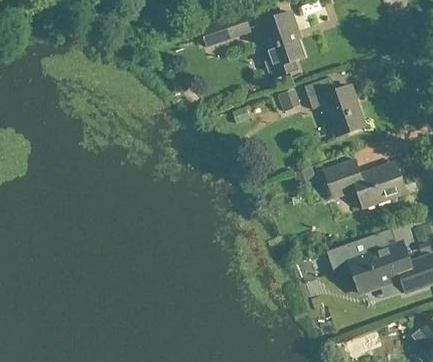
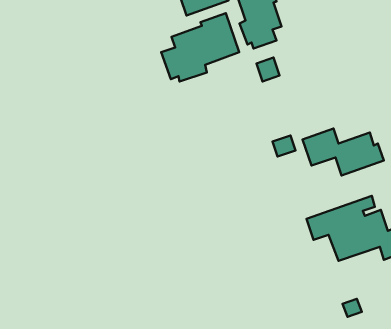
building: none -> [161,13,239,81]
building: [305,76,365,136] -> none

